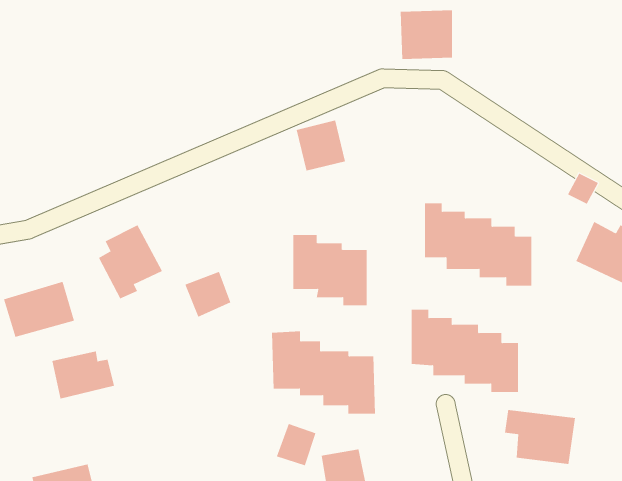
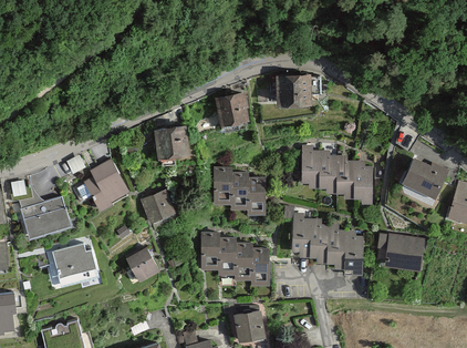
building: [400,10,453,60] -> [276,72,311,105]
building: none -> [153,124,188,156]
building: none -> [127,246,159,282]
building: [504,410,576,465] -> [377,233,425,269]
building: [276,423,316,466] -> none

